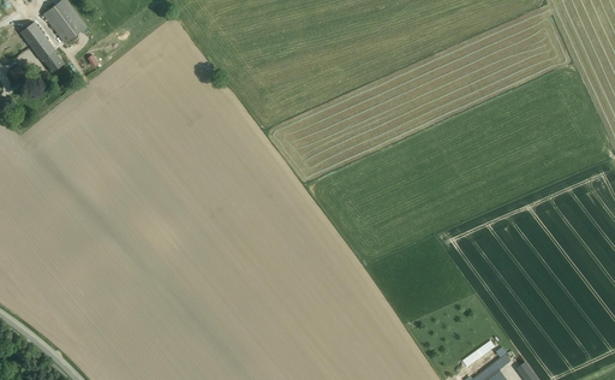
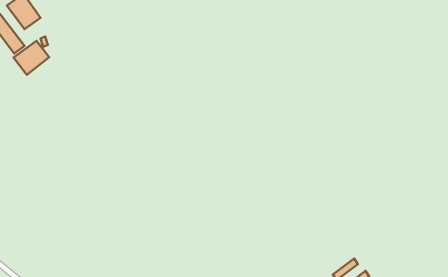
building: none -> [14,41,49,75]

